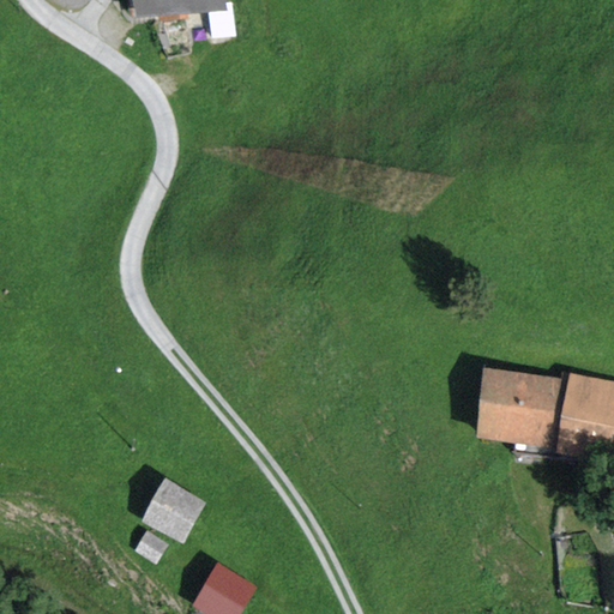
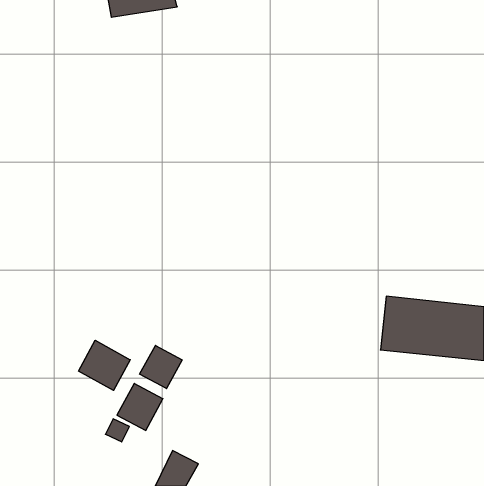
building: none -> [79,340,130,390]
building: none -> [140,345,182,389]

